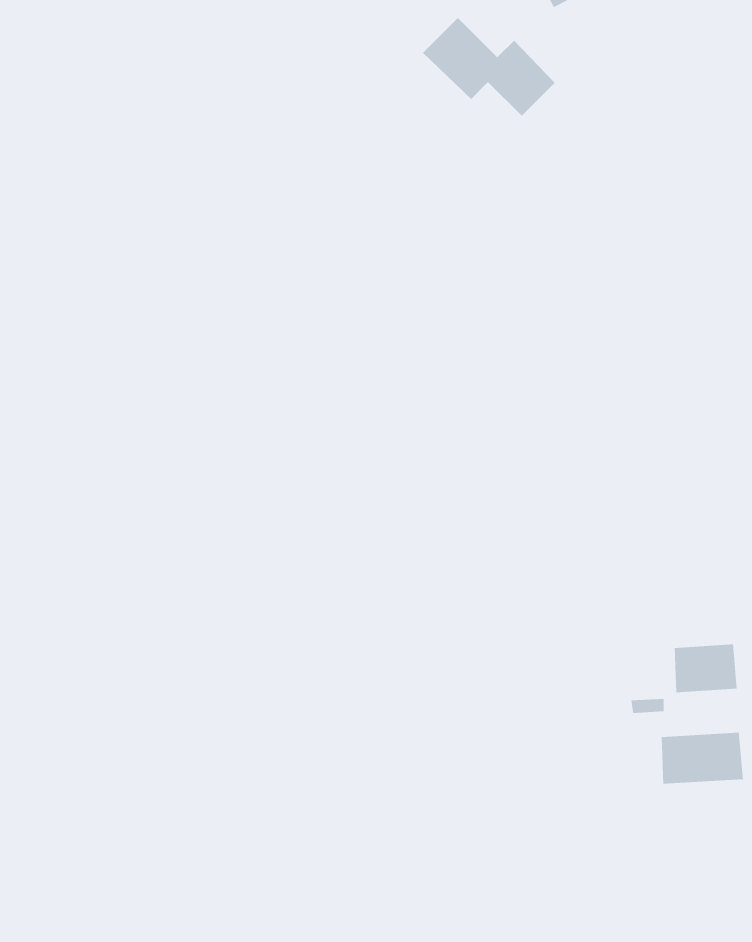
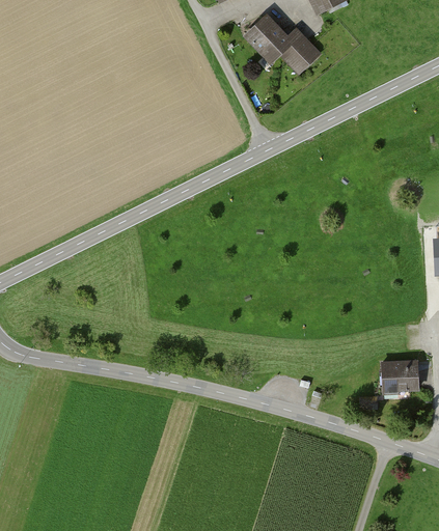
building: [661,732,743,785] -> none

